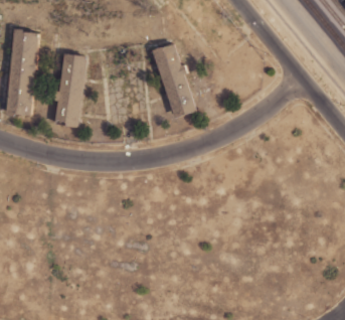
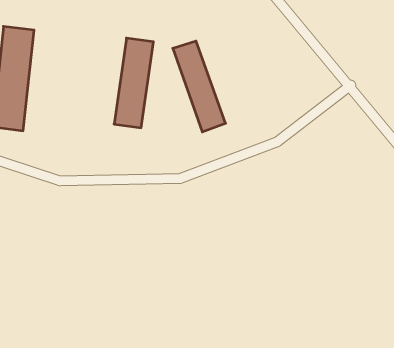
building: [54,52,87,126] -> [114,38,153,128]

